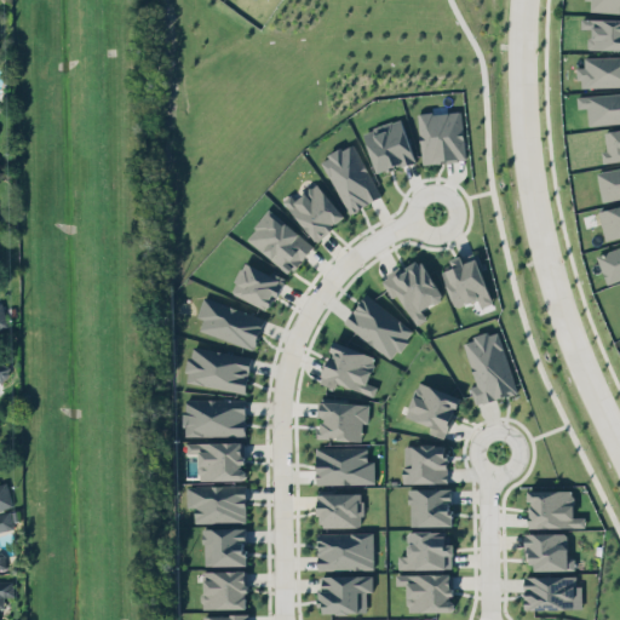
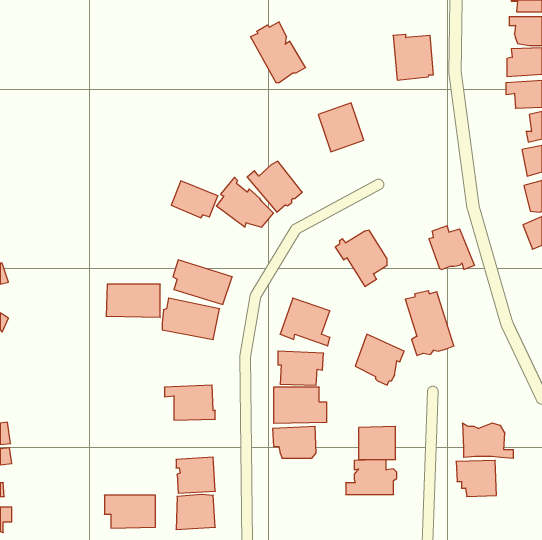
building: [418,115,464,167] -> [393,34,433,80]
building: [321,147,384,216] -> [250,22,306,82]
building: [231,258,285,300] -> [171,181,218,218]
building: [441,260,493,310] -> [429,226,475,269]
building: [344,297,414,361] -> none
building: [184,401,246,438] -> [106,284,160,317]
building: [397,447,449,489] -> none
building: [188,487,246,524] -> [104,495,155,528]
building: [315,530,372,570] -> none
building: [396,569,454,612] -> none
building: [526,572,584,610] -> none
building: [320,576,373,614] -> none

